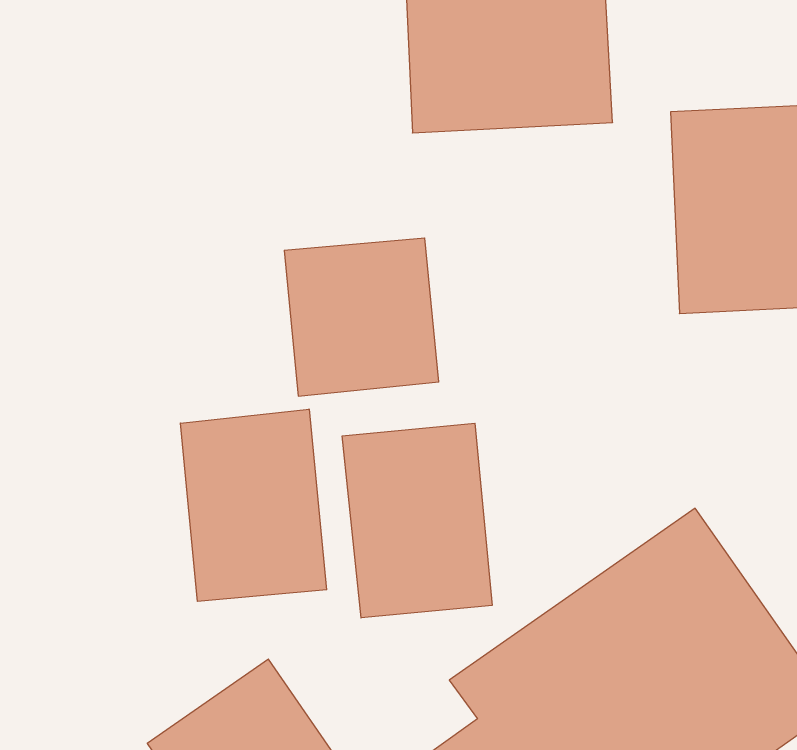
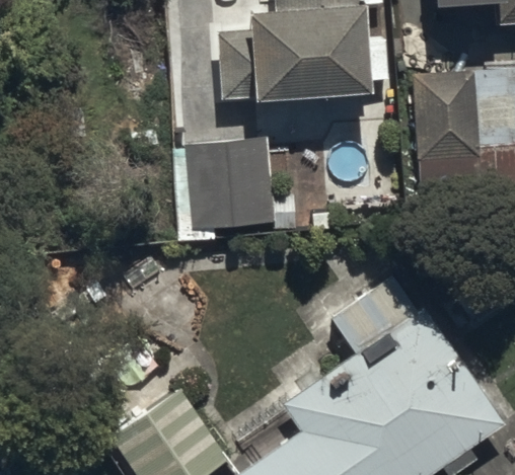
building: [180,409,327,601] -> none
building: [342,423,492,618] -> none

